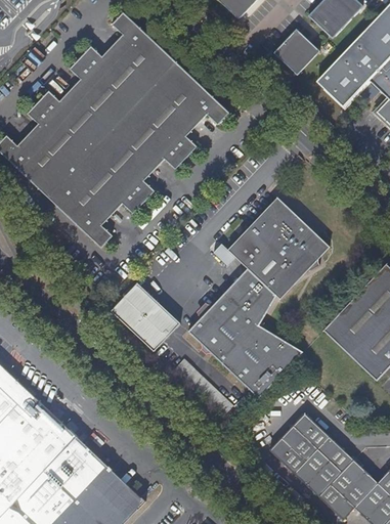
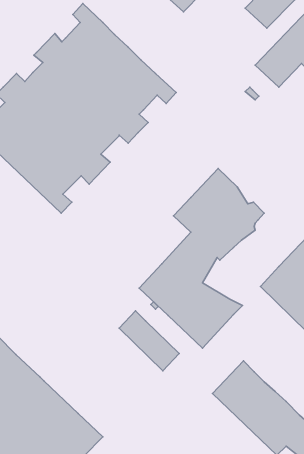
building: [272,30,319,77] -> none
building: [102,283,179,359] -> none

